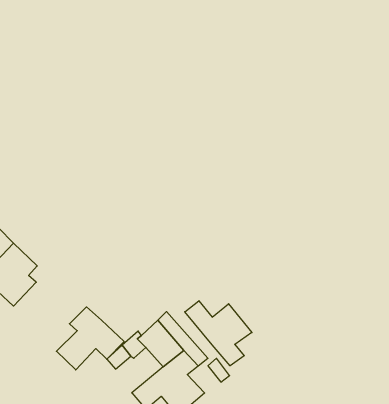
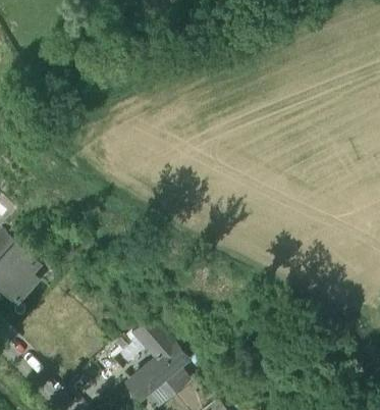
building: [185,301,252,366] -> none
building: [56,307,124,370] -> none

